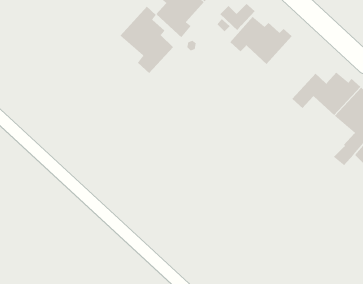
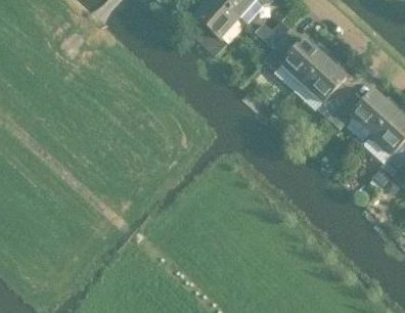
building: [119,6,174,74] -> none
building: none -> [303,53,353,118]

